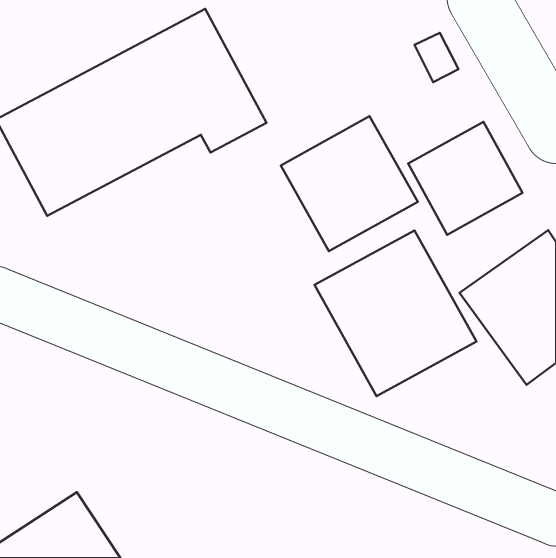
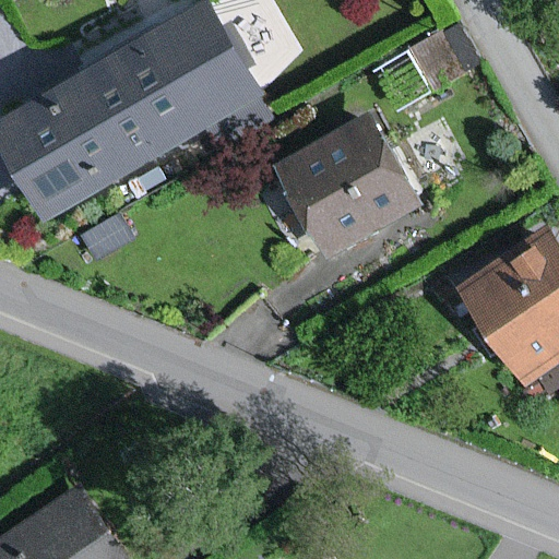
building: [408,122,523,235] -> none
building: [315,230,476,396] -> none

